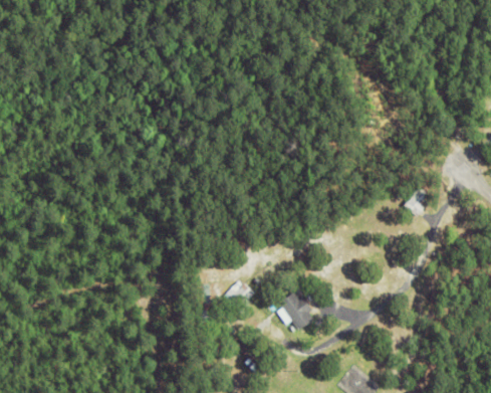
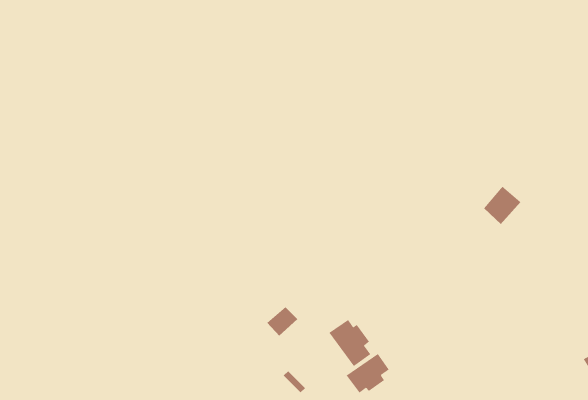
building: none -> [346,353,390,394]

